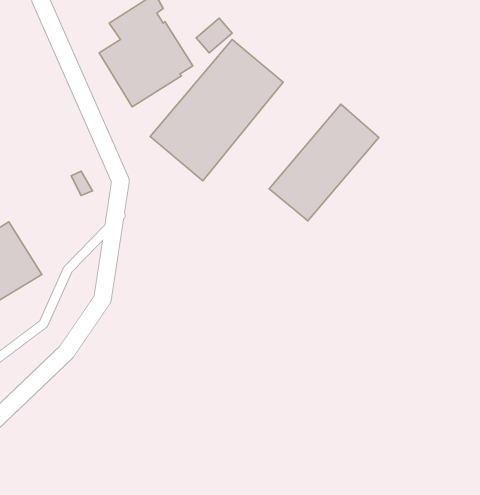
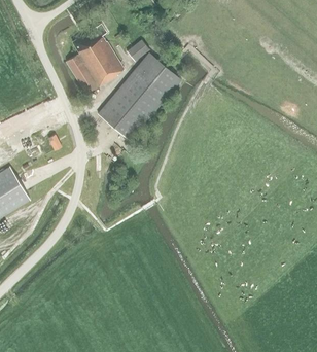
building: [269,104,379,221] -> none

